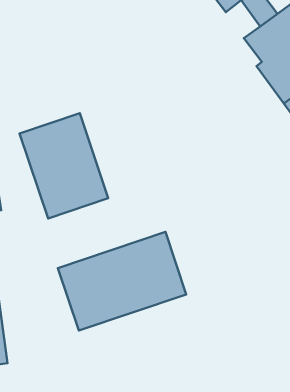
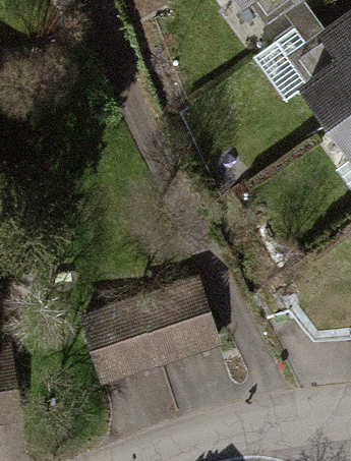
building: [20,113,108,219] -> none

